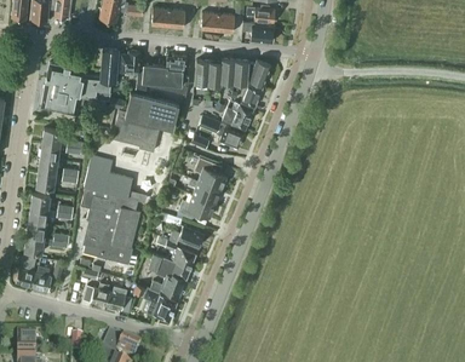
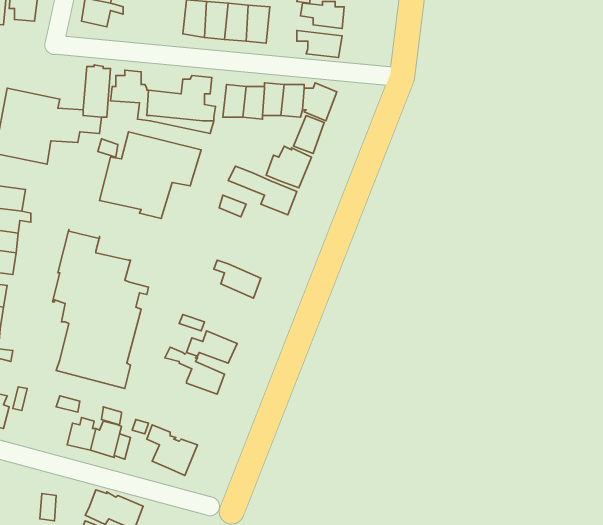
building: [195,159,226,191] -> none
building: [178,195,216,219] -> none
building: [149,254,191,298] -> none

